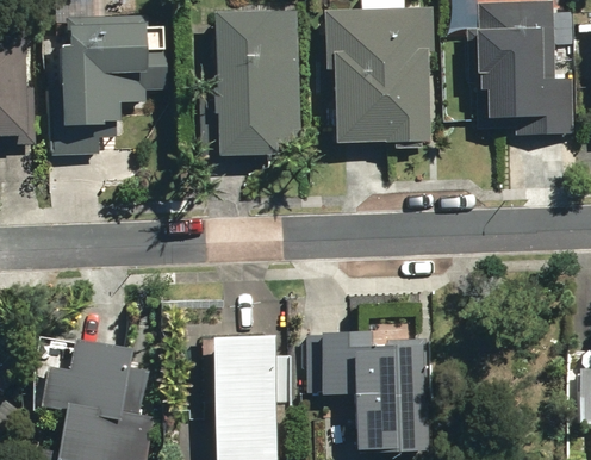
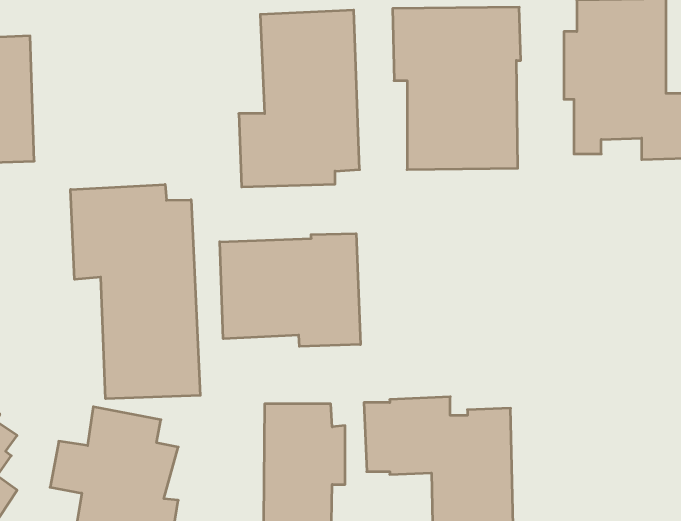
building: [49,14,164,155] -> none
building: none -> [71,184,200,399]
building: none -> [220,234,360,346]

